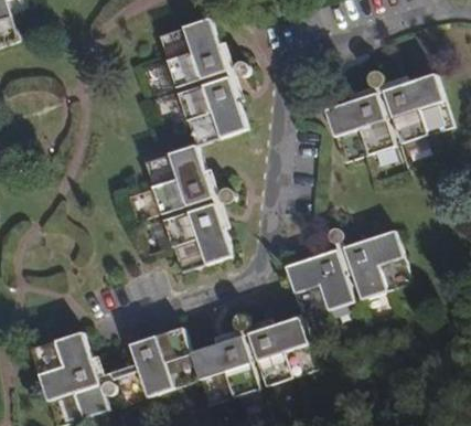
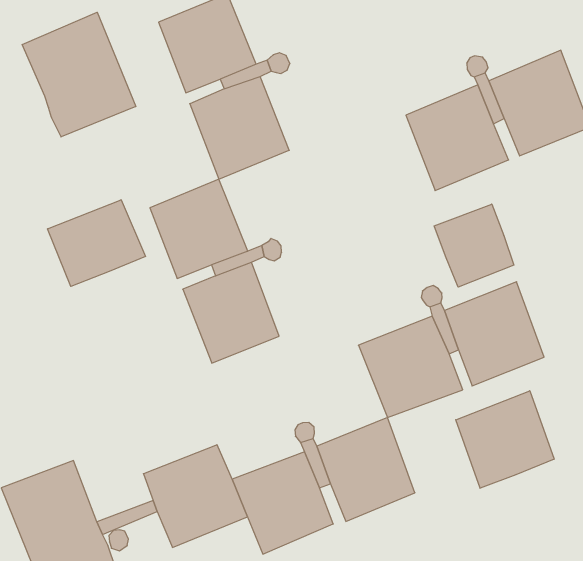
building: none -> [22,12,136,137]
building: none -> [48,200,146,286]
building: none -> [434,204,514,287]
building: none -> [456,391,554,488]

